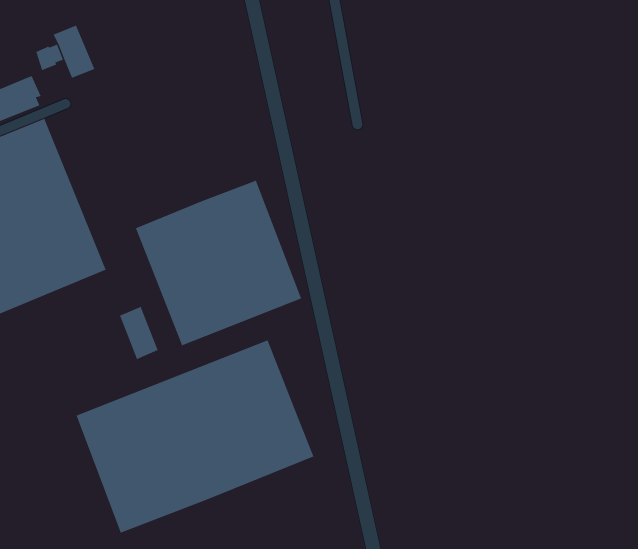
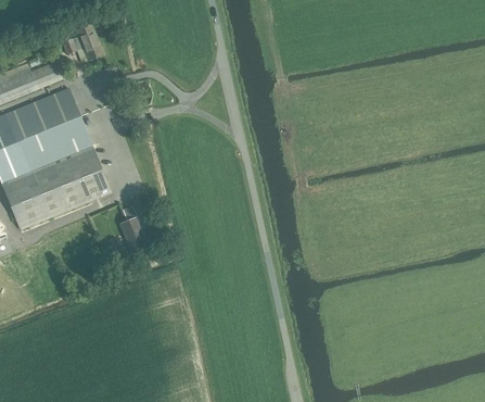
building: [135,180,302,346] -> none
building: [76,340,314,534] -> none

